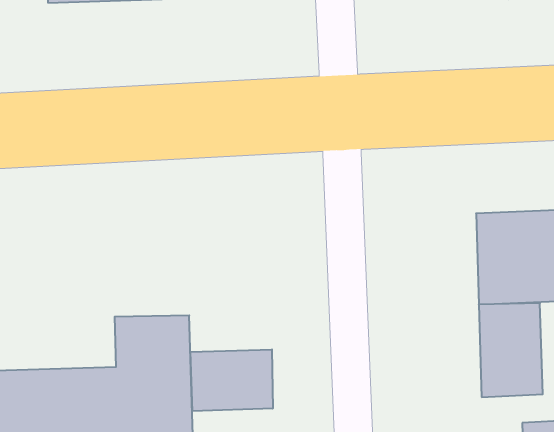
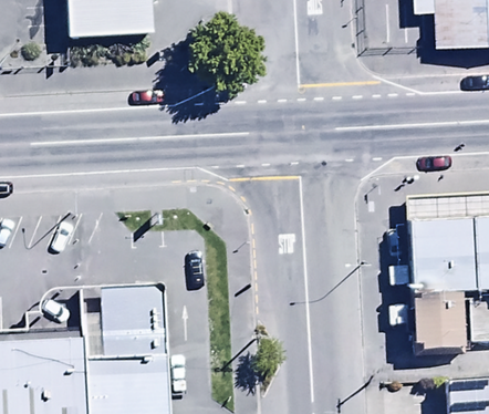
building: [190,349,273,411] -> none

